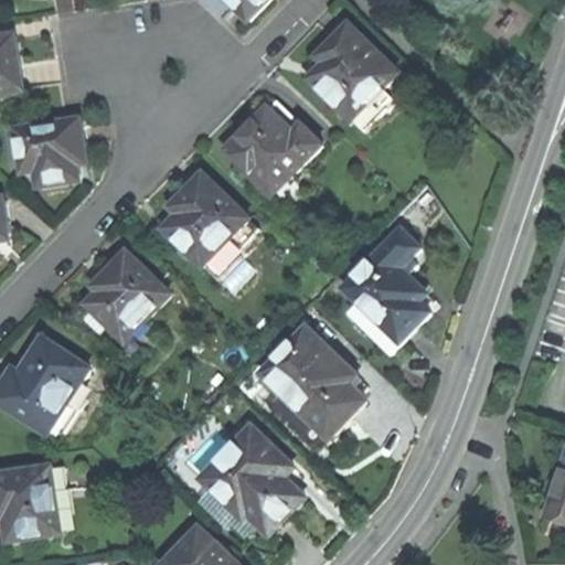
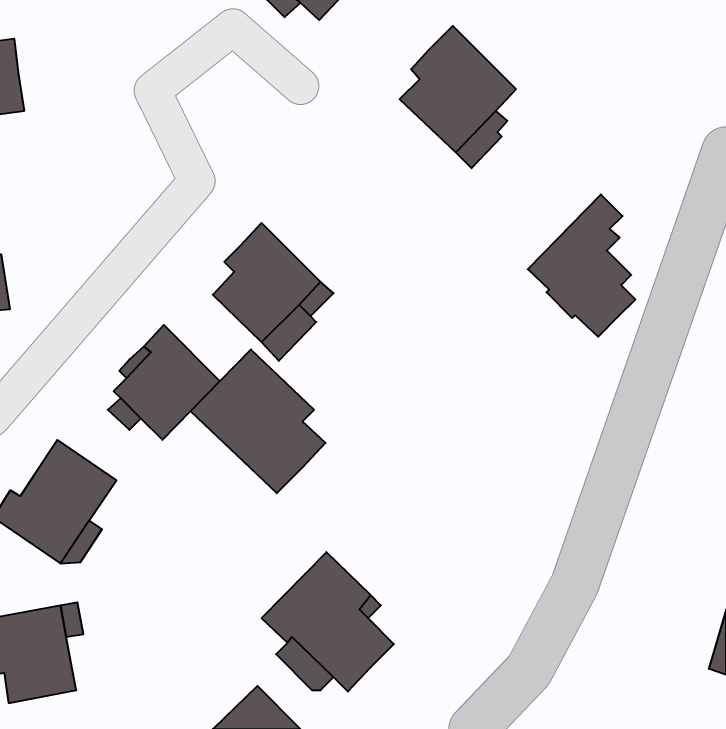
building: [224,100,318,193] -> none
building: [11,115,83,182] -> none
building: [344,231,427,340] -> [528,194,635,337]
building: [259,327,363,437] -> [190,349,326,493]

